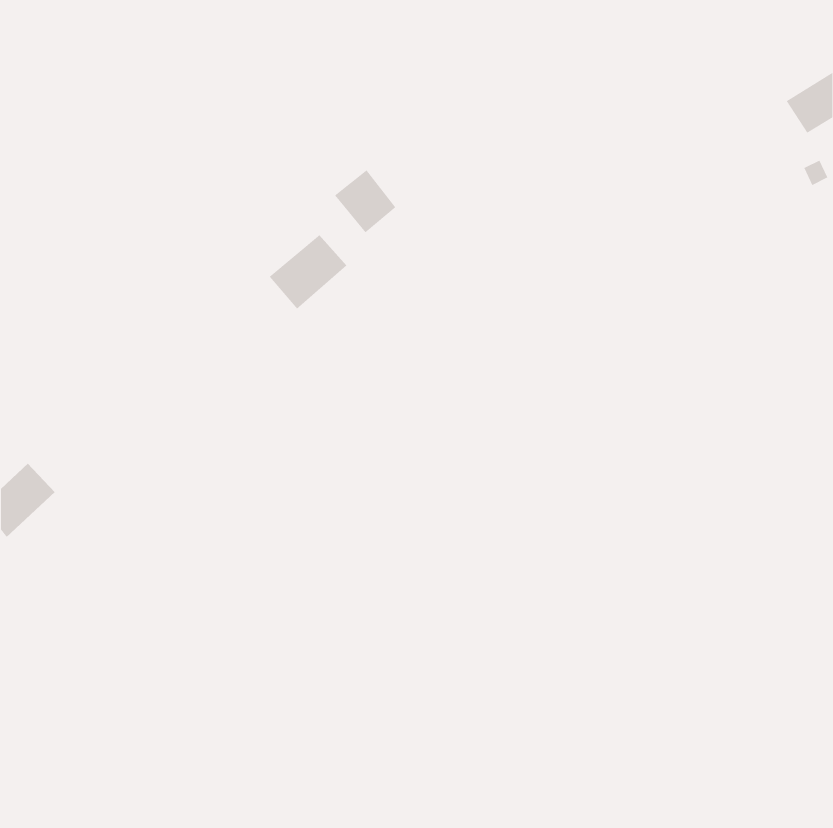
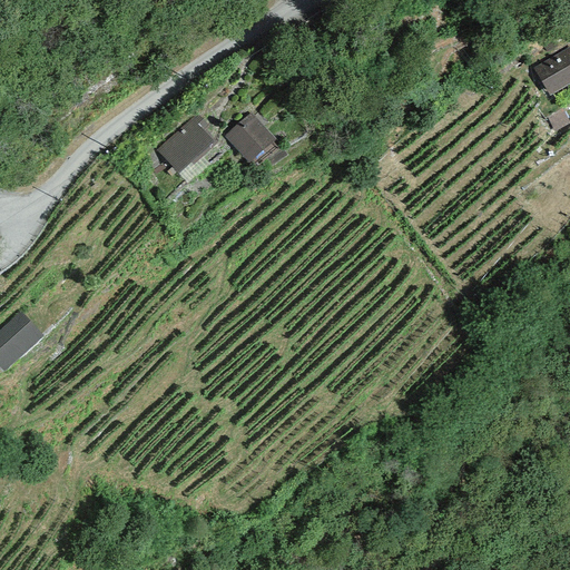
building: [269,234,347,309] -> [159,120,213,171]

